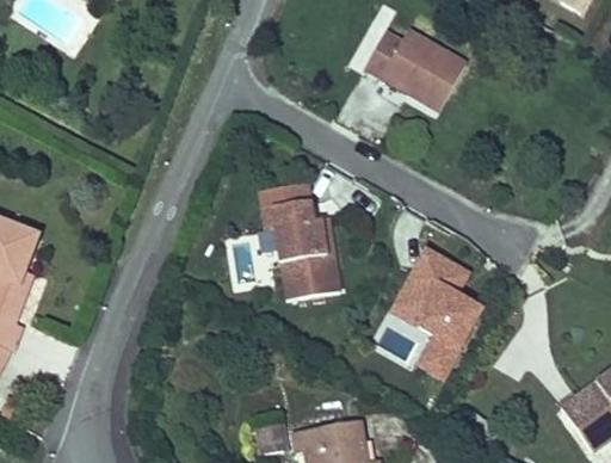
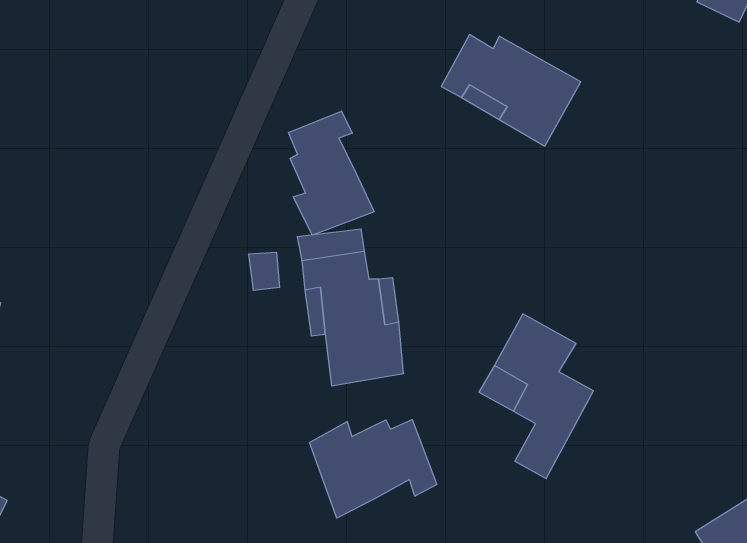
building: none -> [289,111,374,235]
building: none -> [310,420,437,518]

